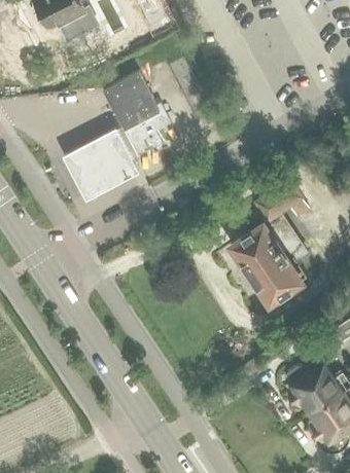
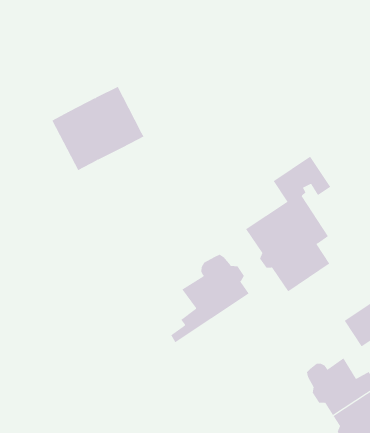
building: [107,77,175,161] -> none
building: none -> [170,254,249,343]

